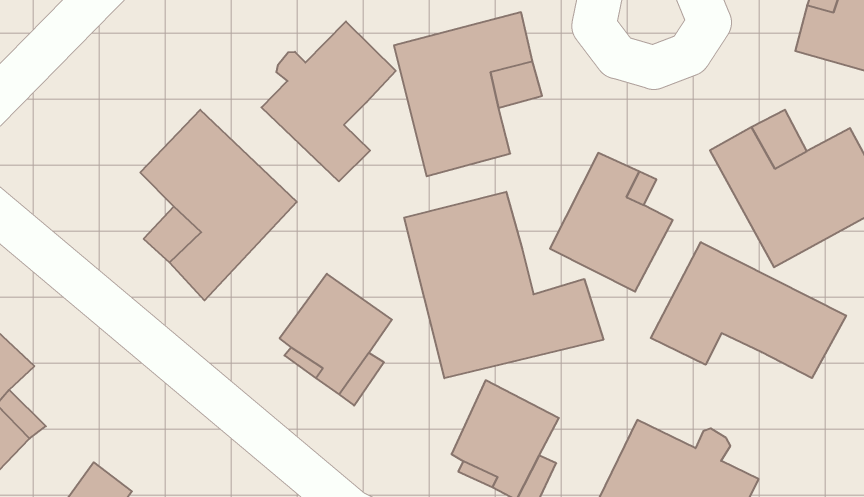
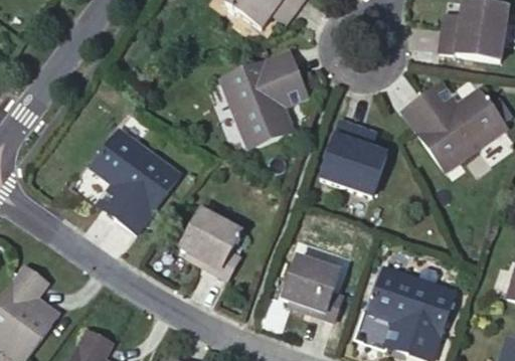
building: [261,21,396,181] -> none
building: [404,192,603,378] -> none
building: [651,242,846,378] -> none

